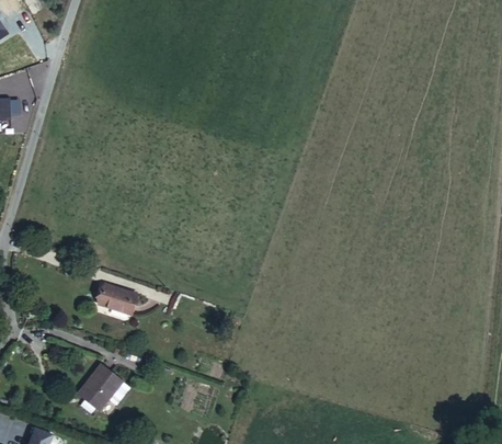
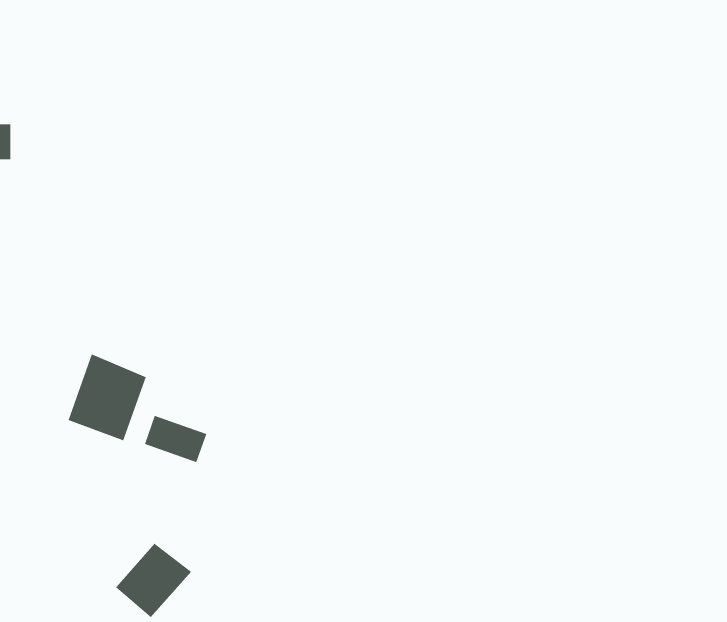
building: none -> [68,353,146,441]

